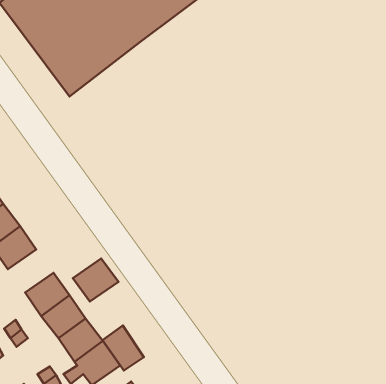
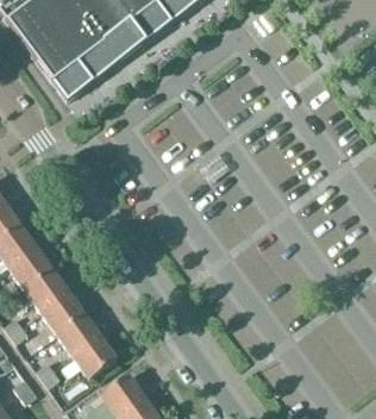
building: [73,258,118,302] -> [8,248,52,289]
building: [102,326,144,371] -> none

